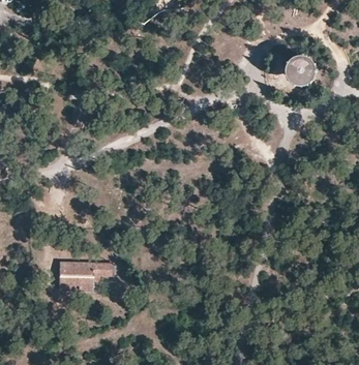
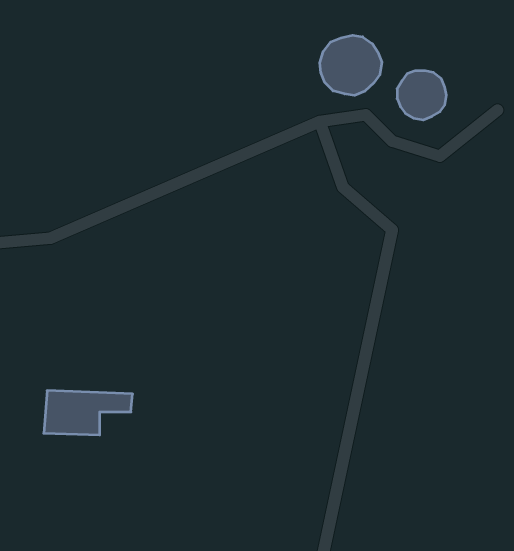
building: none -> [320,35,382,95]

